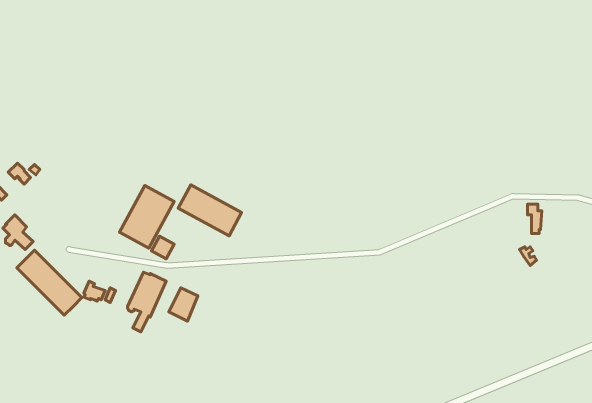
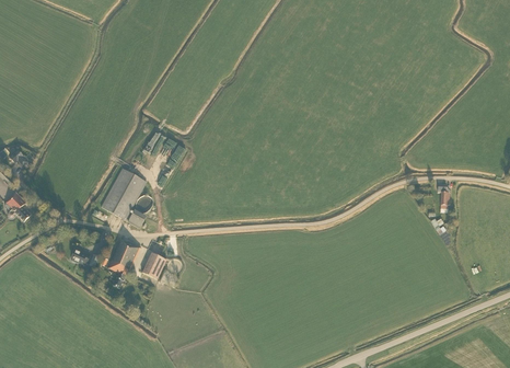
building: [178,185,242,236] -> none
building: [17,250,82,315] -> none

